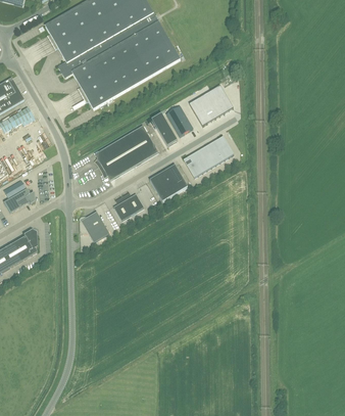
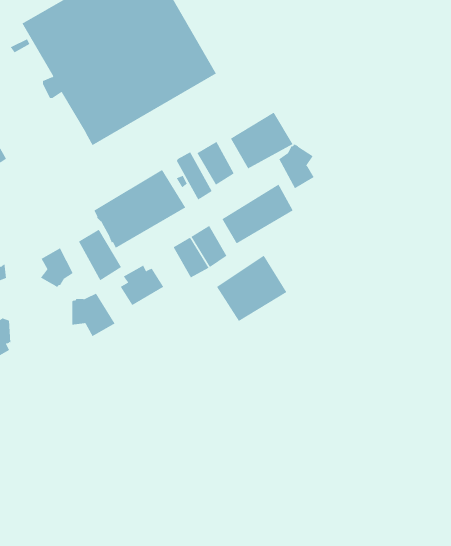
building: none -> [278,144,314,189]
building: none -> [78,229,122,281]
building: none -> [40,248,73,287]
building: none -> [216,255,287,322]

